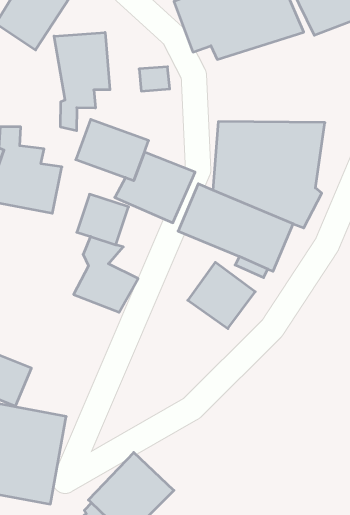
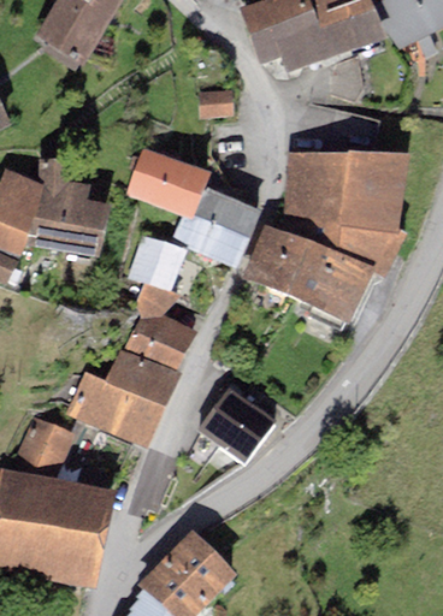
building: [54,32,110,131] -> none
building: [188,262,255,329] -> [197,385,274,461]
building: none -> [66,346,181,446]

